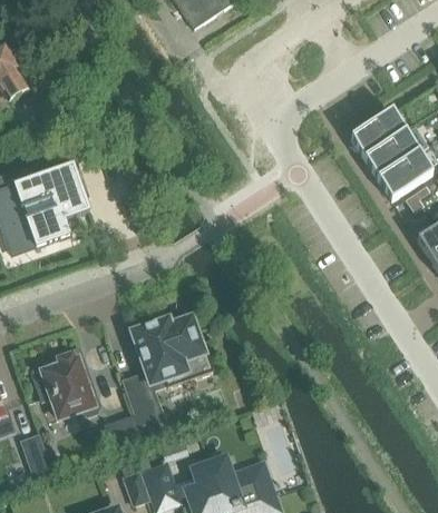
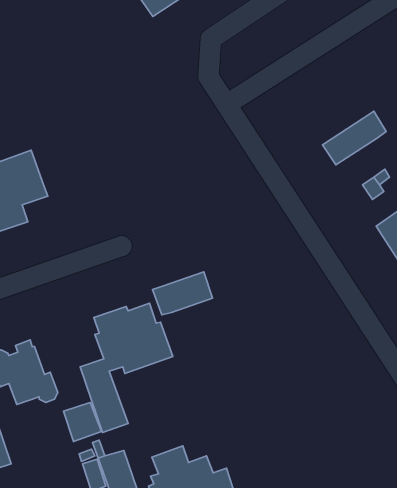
building: [350,108,405,156] -> none
building: [377,149,431,197] -> none
building: none -> [152,272,213,315]

